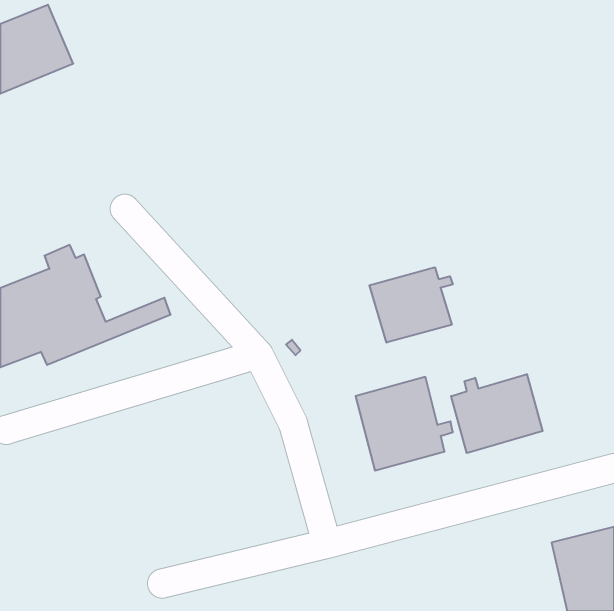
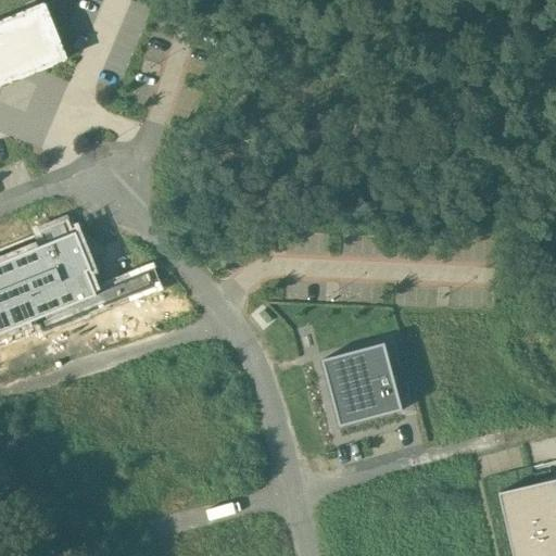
building: [369,267,453,343] -> none
building: [451,374,543,453] -> none

